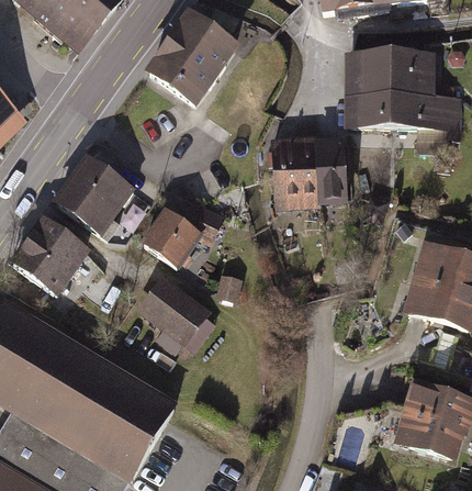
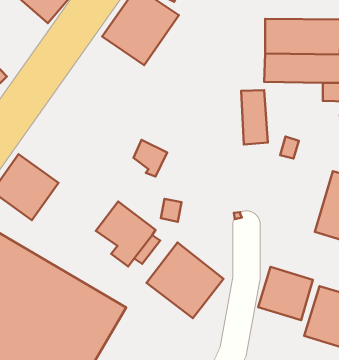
building: [272,137,319,210] -> none
building: [52,152,135,235] -> none
building: [138,209,201,270] -> none
building: none -> [147,242,224,318]
building: none -> [258,267,313,320]

